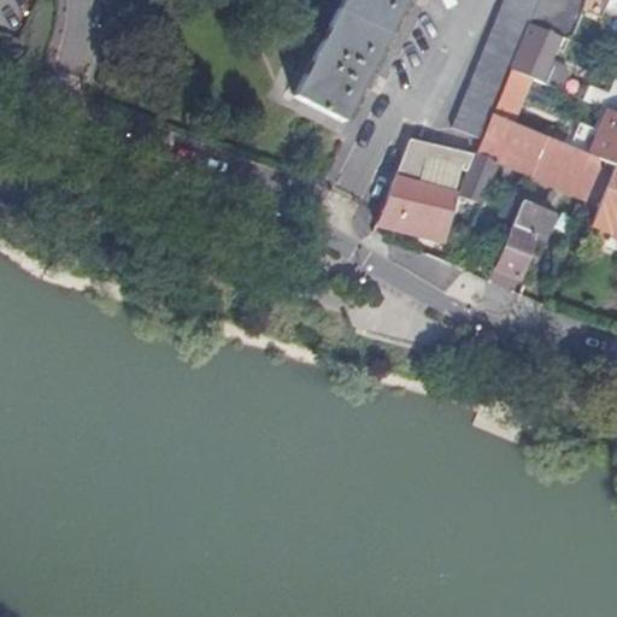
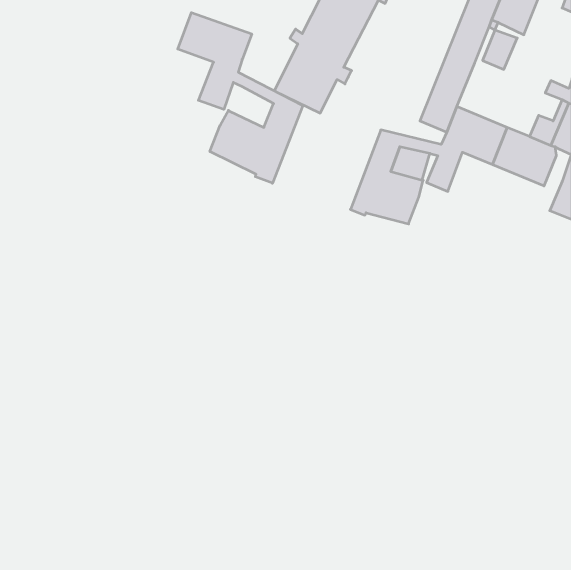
building: none -> [178,13,303,183]
building: [494,196,554,280] -> none

